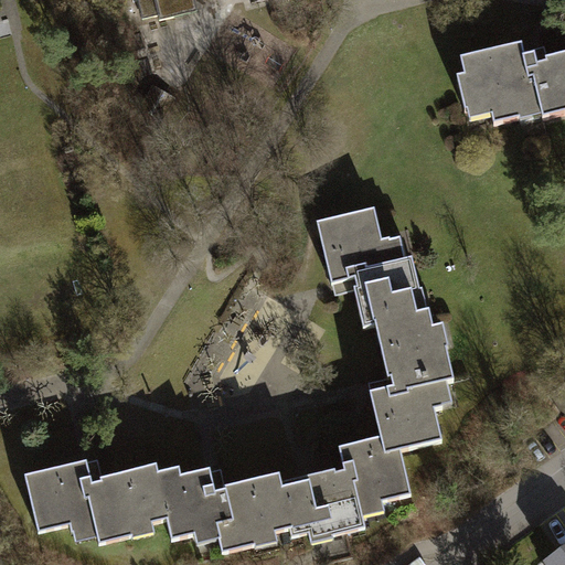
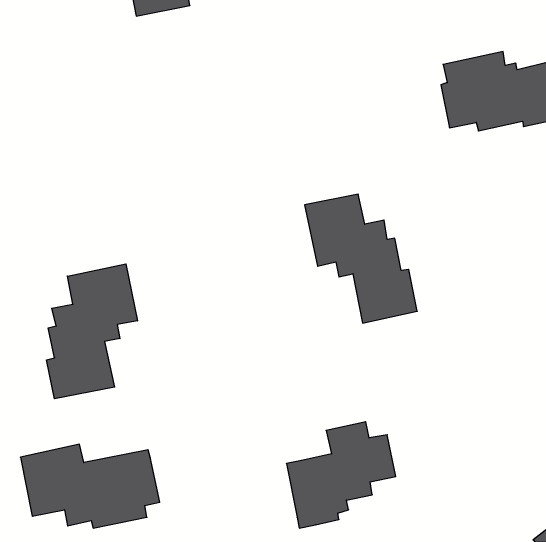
building: none -> [47,264,137,399]
building: [369,318,454,450] -> none
building: [157,466,308,553] -> none

